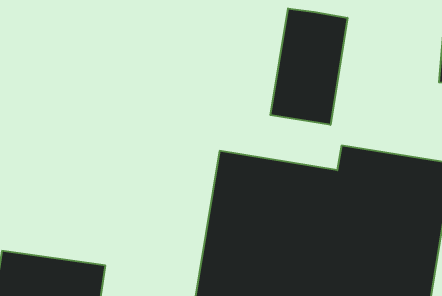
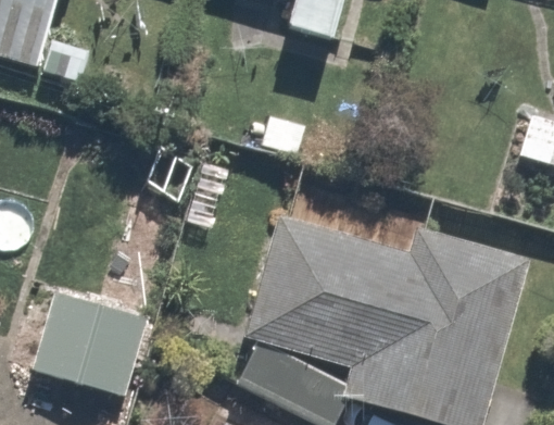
building: [270,8,347,125] -> none

